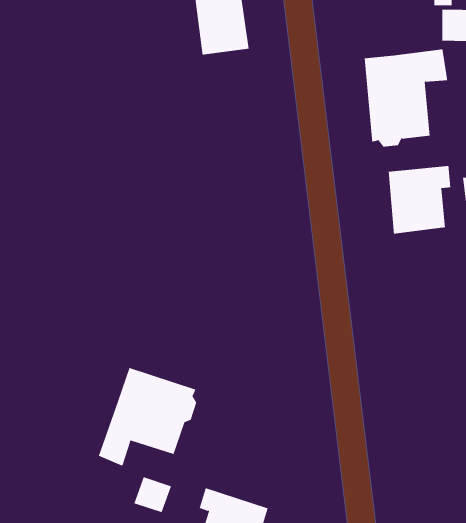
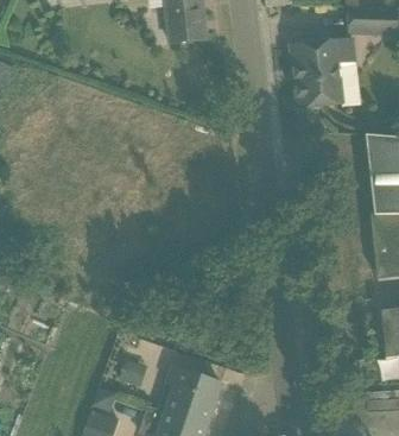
building: [388,165,451,234] -> none
building: [98,367,197,466] -> none

